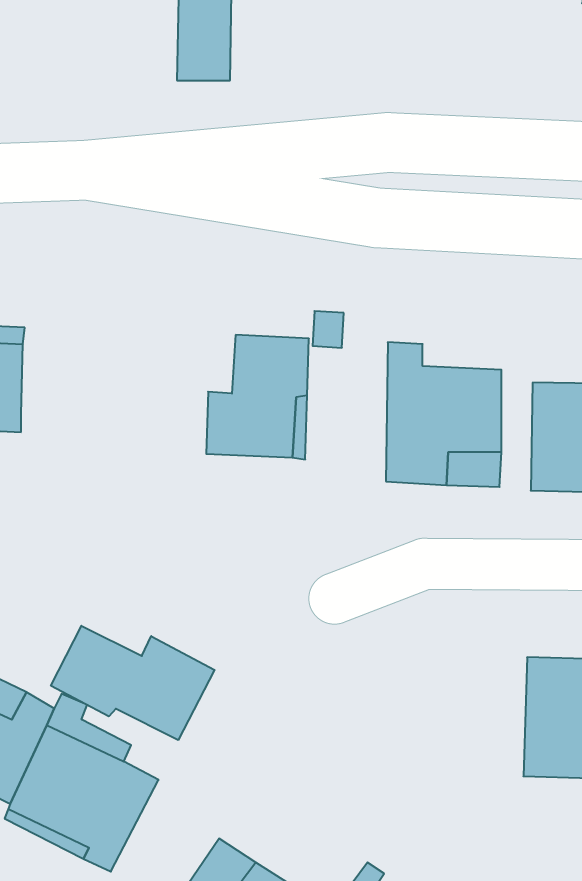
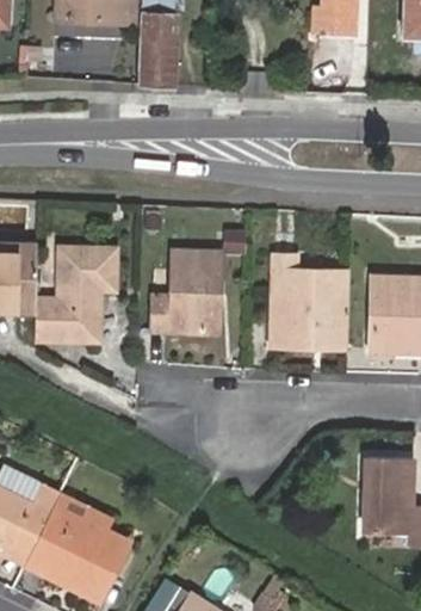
building: none -> [36,254,118,344]
building: [51,626,215,740] -> none

